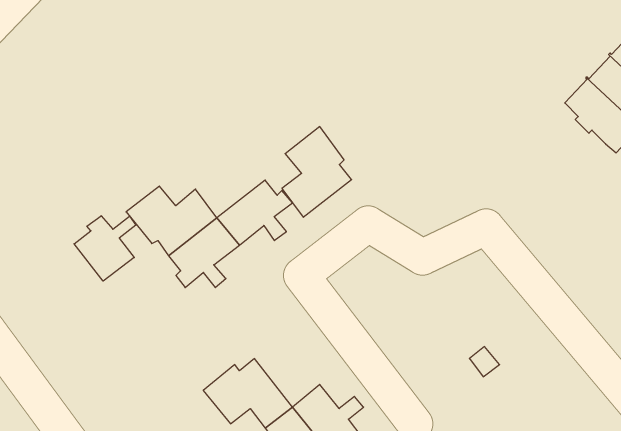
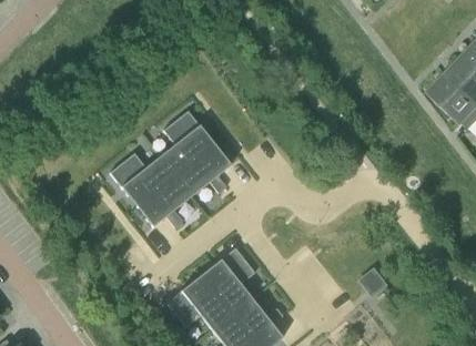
building: [282,127,352,217] -> [160,109,211,175]
building: [74,216,136,281] -> none
building: none -> [203,246,254,314]

